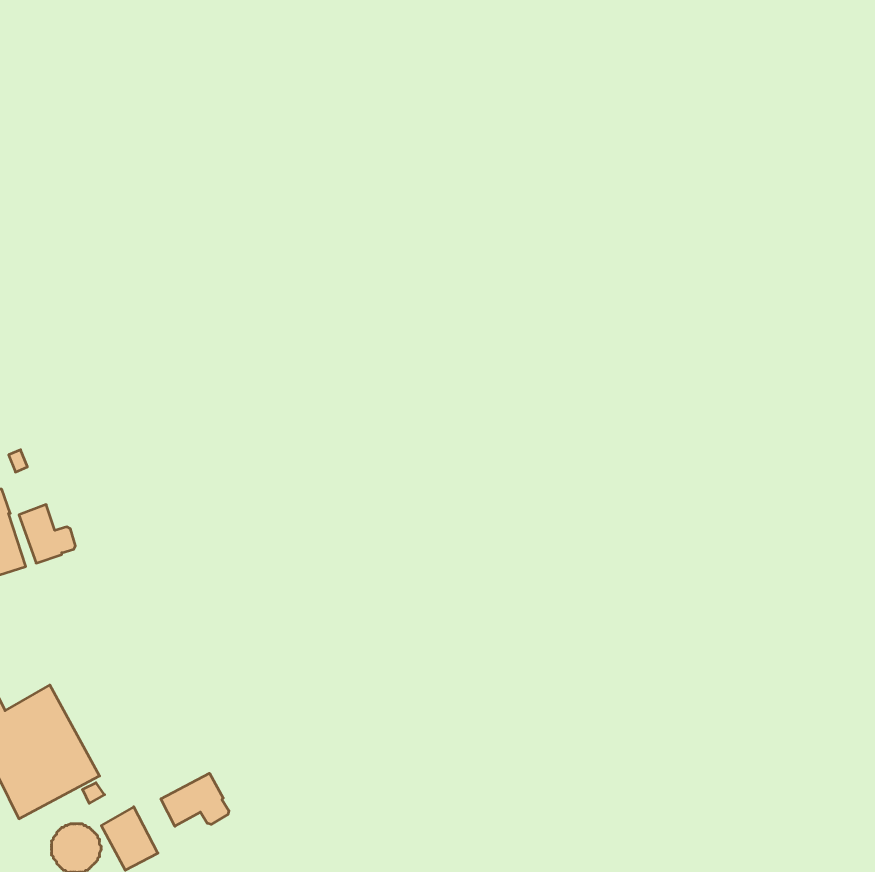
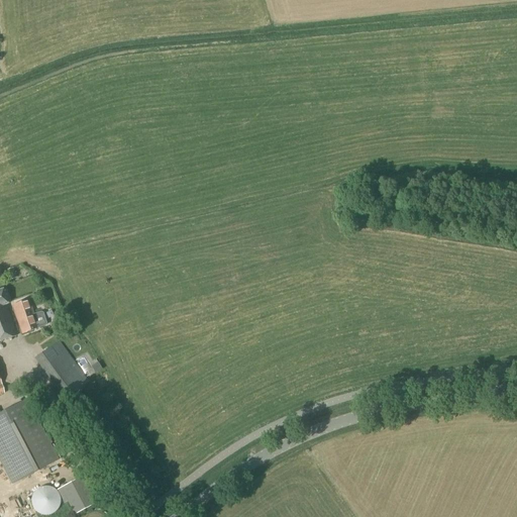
building: none -> [32,338,88,398]
building: [161,773,229,826] -> none

